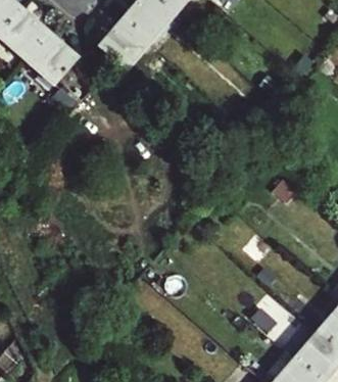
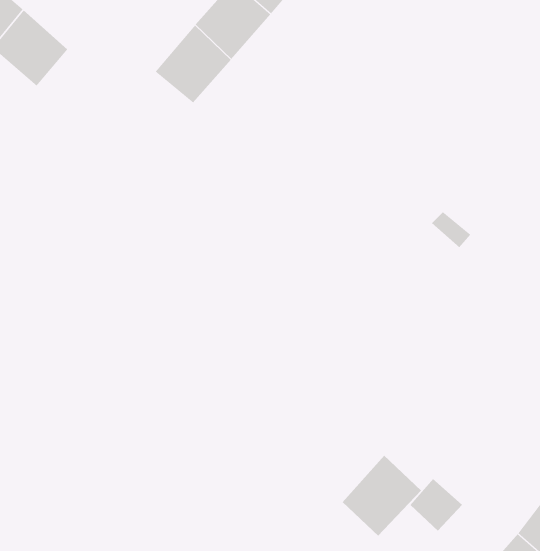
building: [26,37,74,84] -> none
building: none -> [342,455,422,536]

